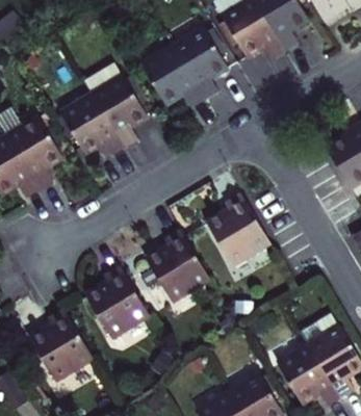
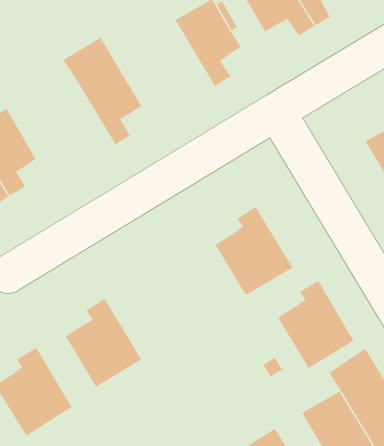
building: [141,46,206,108] -> none
building: [62,94,126,156] -> none
building: [147,233,209,305] -> [277,280,355,369]

